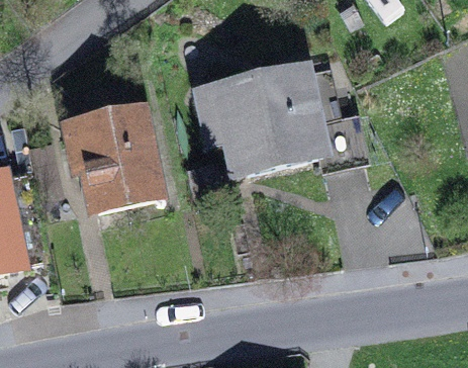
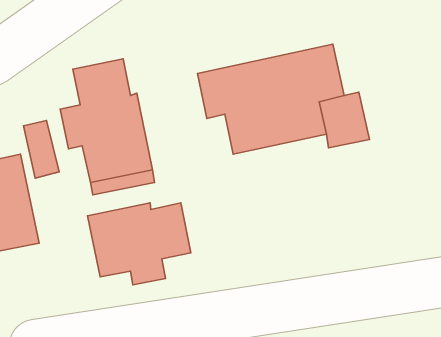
building: none -> [87,203,191,285]

